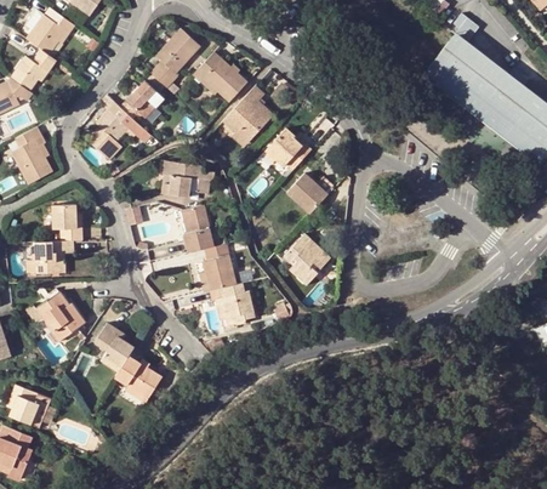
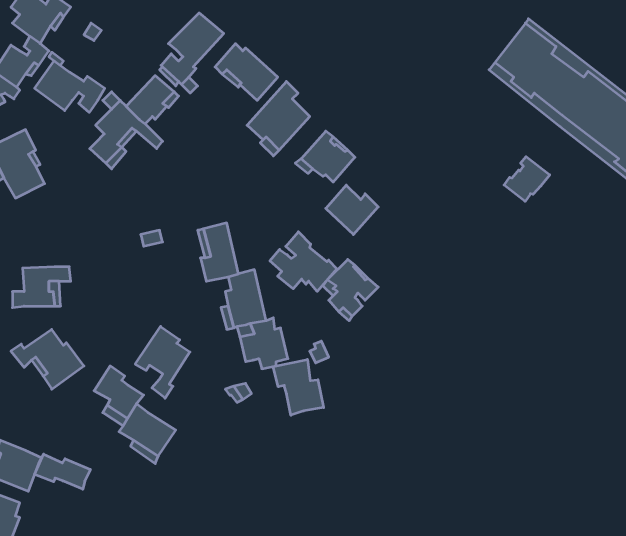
building: none -> [35,61,105,112]
building: none -> [504,157,550,201]
building: [161,160,211,197] -> none
building: [52,204,82,240] -> none
building: none -> [270,232,337,291]
building: none -> [135,326,190,398]
building: none -> [273,359,324,415]
building: none -> [35,454,90,489]

